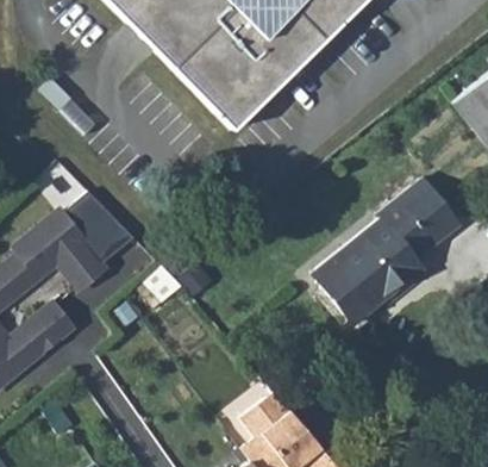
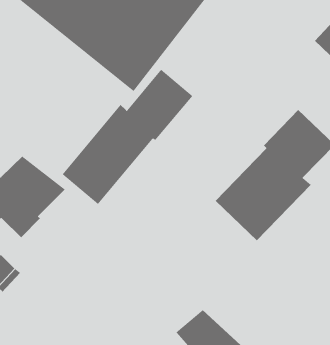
building: none -> [62,69,193,205]

